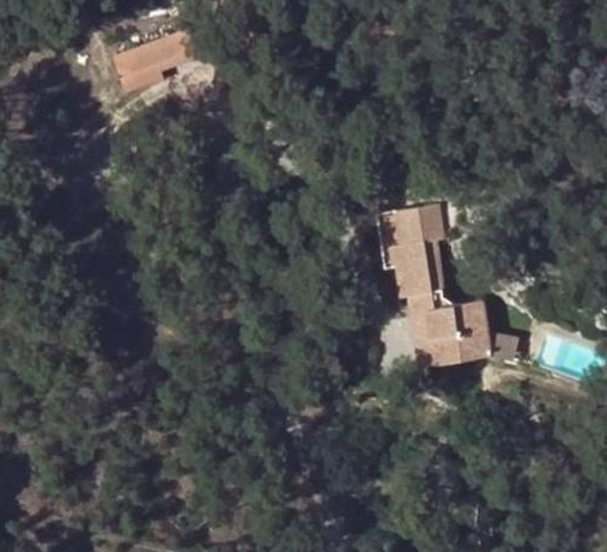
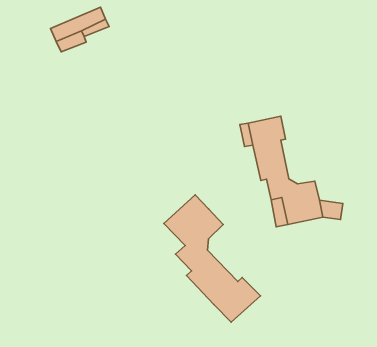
building: none -> [164,195,260,322]

